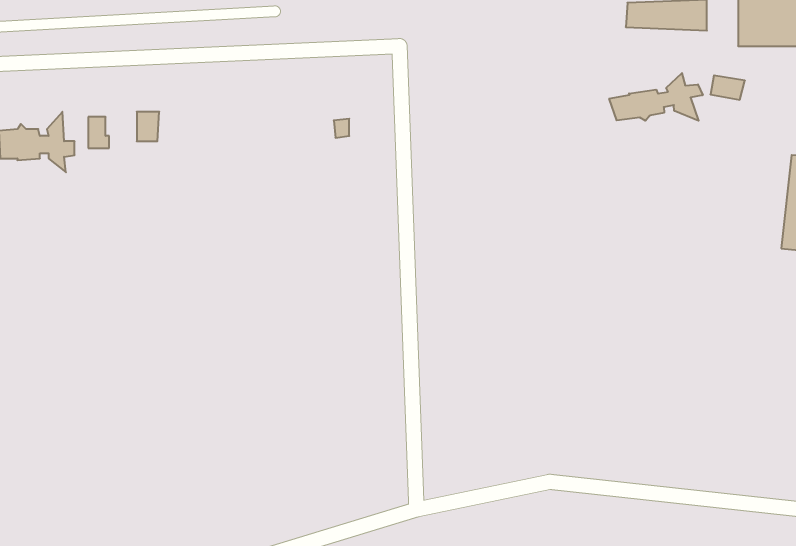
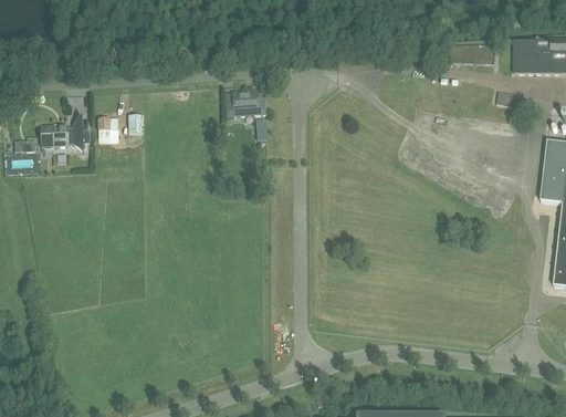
building: none -> [232,87,259,108]
building: [609,73,703,121] -> none

